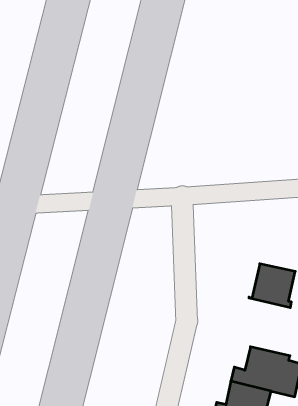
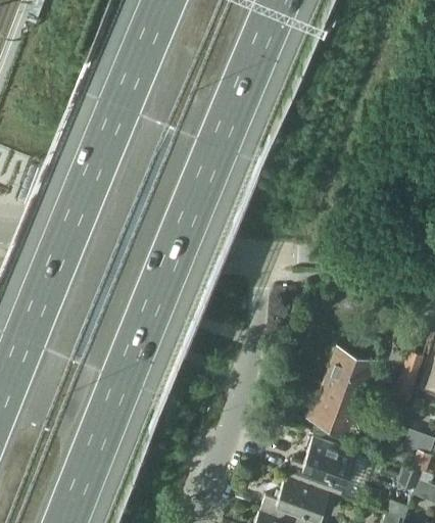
building: none -> [306,384,365,436]

